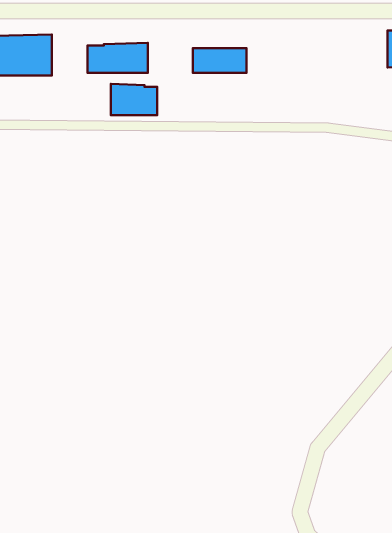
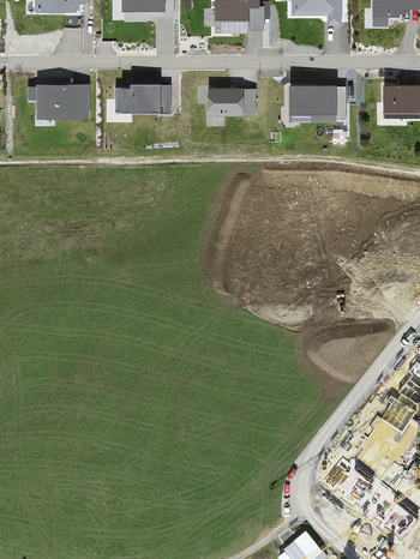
building: none -> [290,90,344,125]
building: [111,84,157,115] -> none

